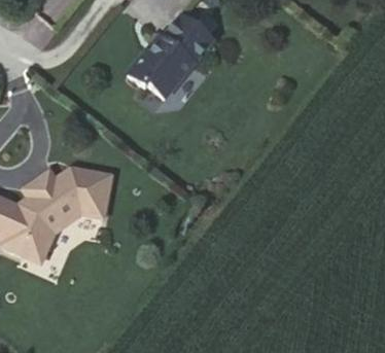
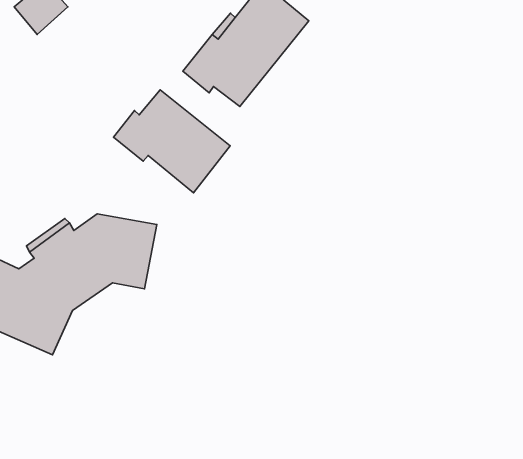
building: none -> [114,90,230,193]

